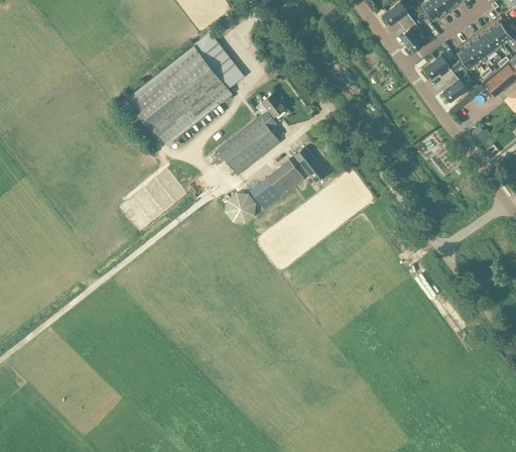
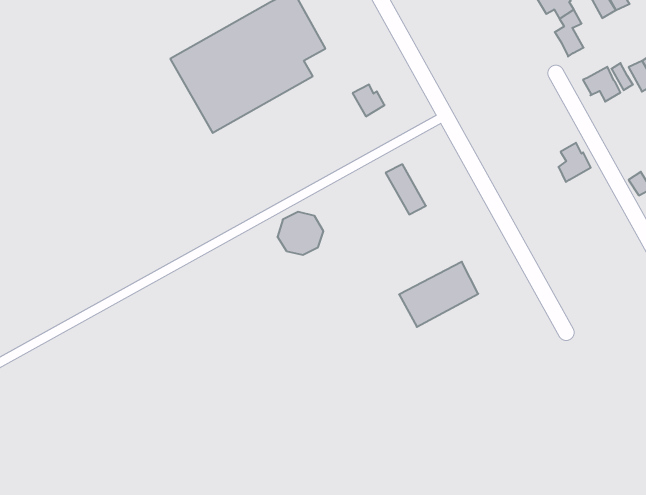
building: [443,73,467,102] -> [558,143,591,182]
building: [217,110,280,176] -> none
building: [247,158,303,210] -> [399,262,478,327]

